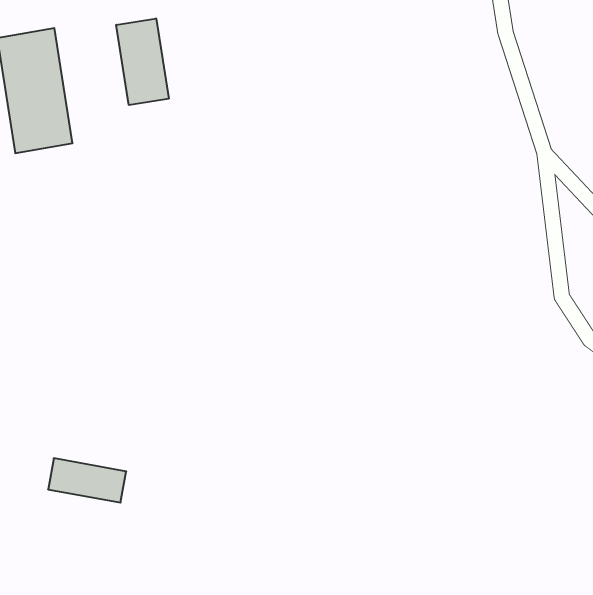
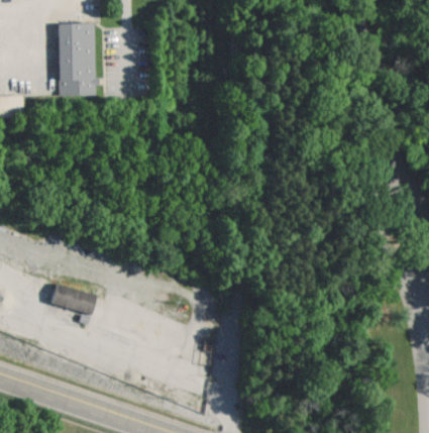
building: [116,18,169,105] -> none

